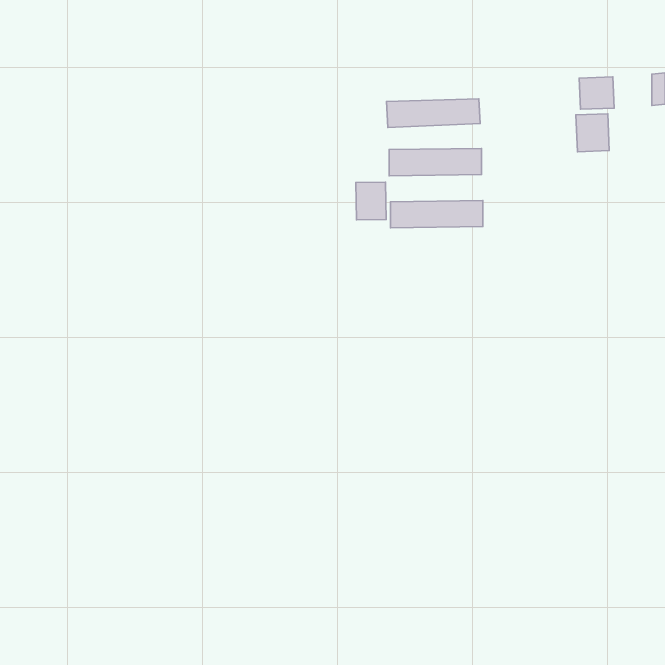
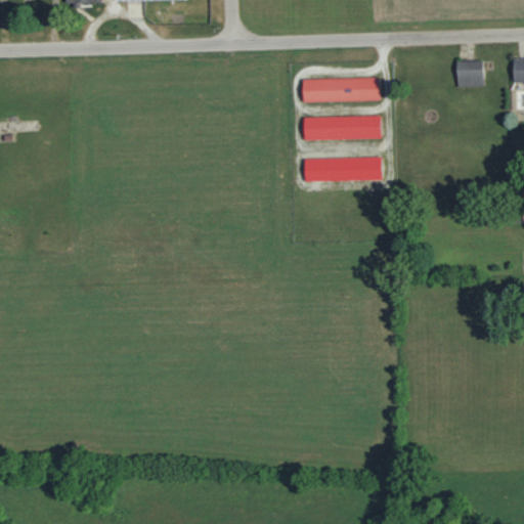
building: [576,114,609,152] -> none
building: [356,182,386,220] -> none

